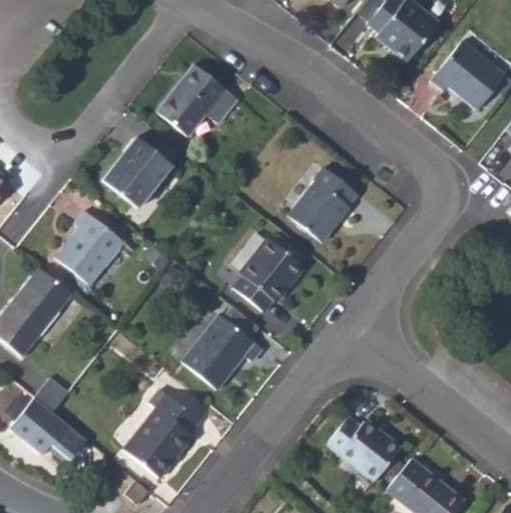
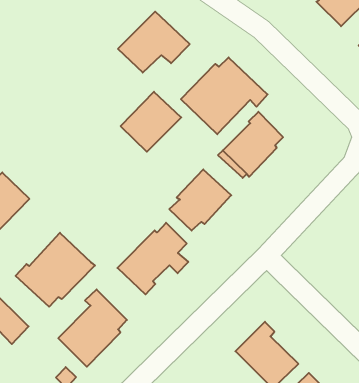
building: none -> [181,57,268,134]
building: [104,137,172,206] -> [121,92,181,152]
building: [57,209,124,284] -> none
building: none -> [16,233,95,307]

